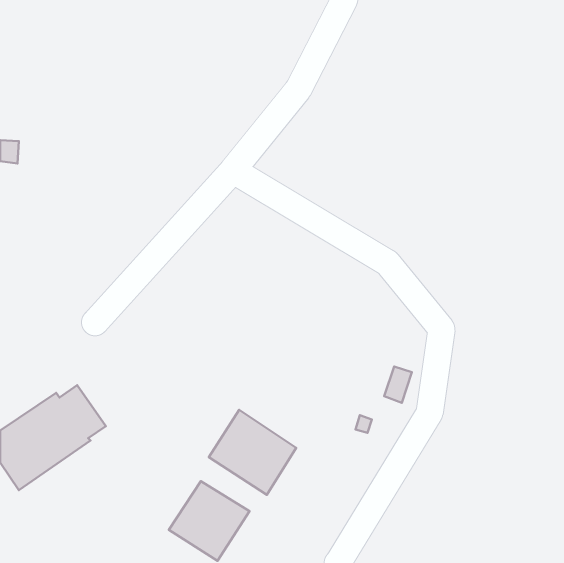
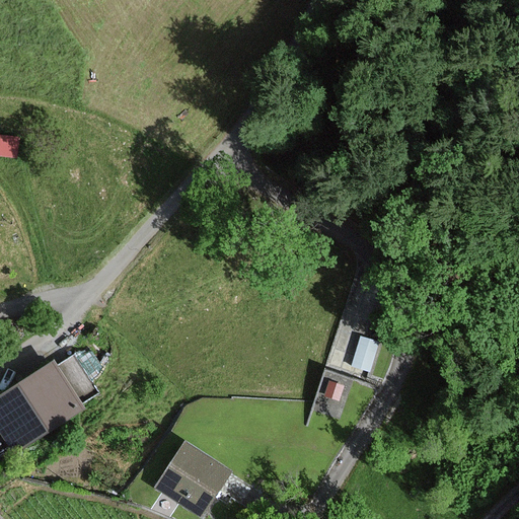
building: [209,410,296,495] -> none

